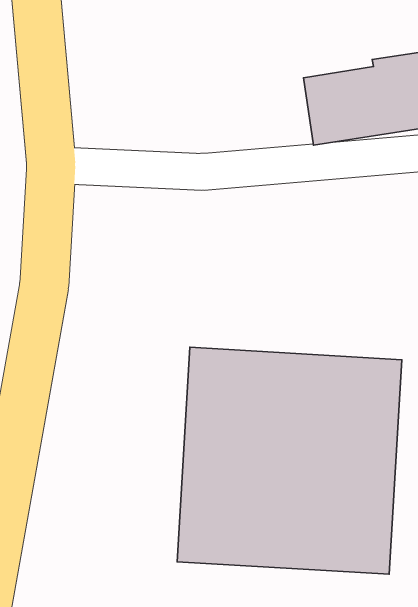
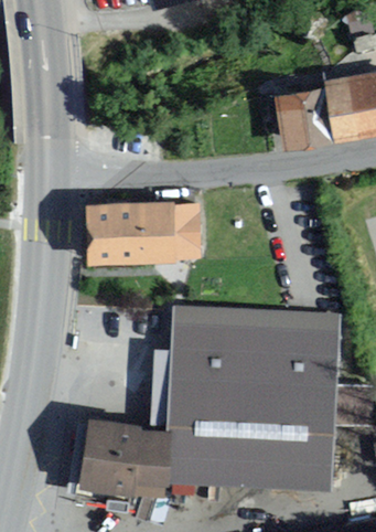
building: none -> [78,200,198,263]
building: none -> [74,419,160,494]

